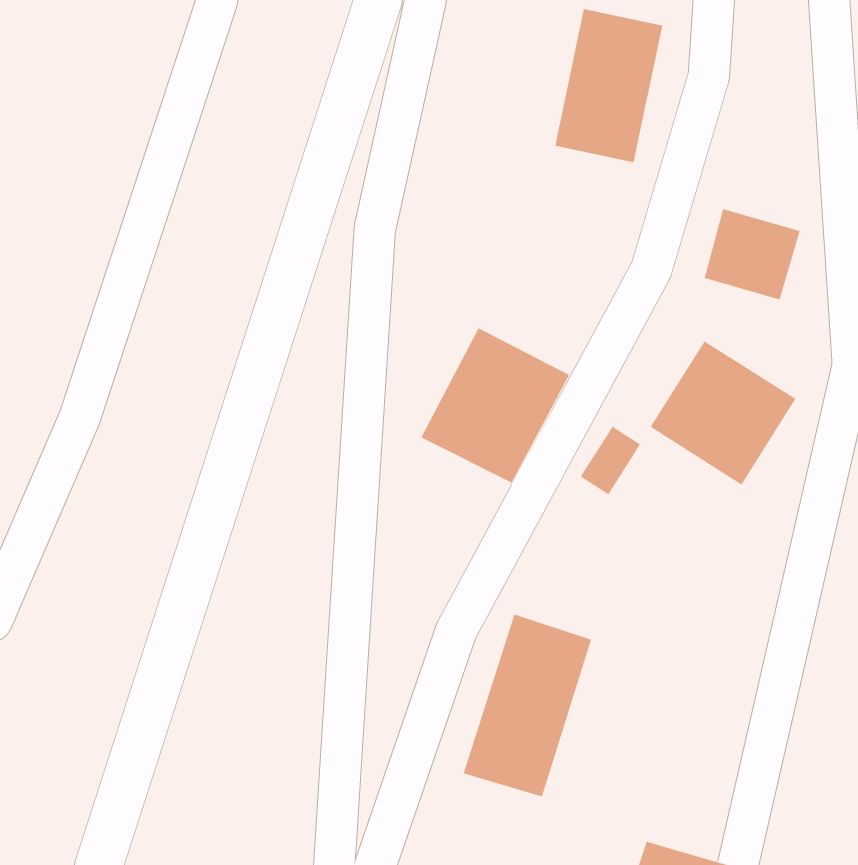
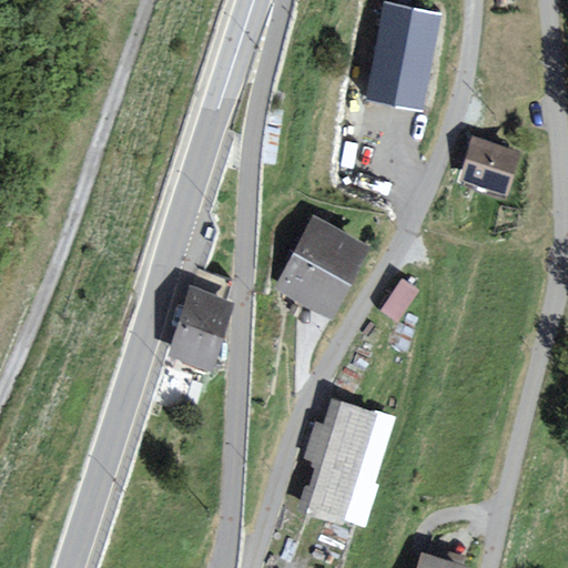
building: [650,340,796,485] -> none
building: none -> [168,293,225,365]

